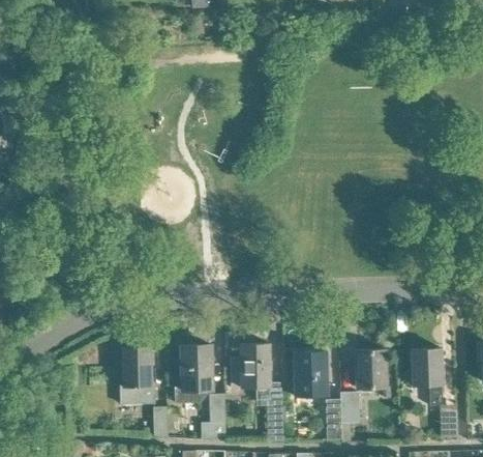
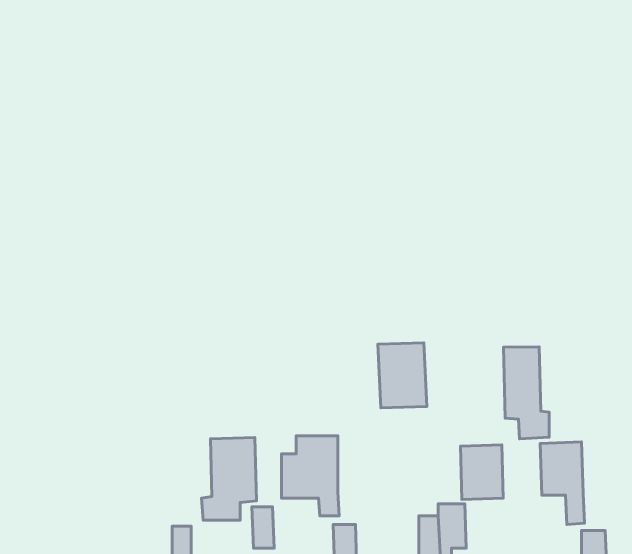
building: none -> [503,347,549,439]
building: [121,346,155,403] -> none
building: [294,350,328,396] -> [378,343,427,408]

